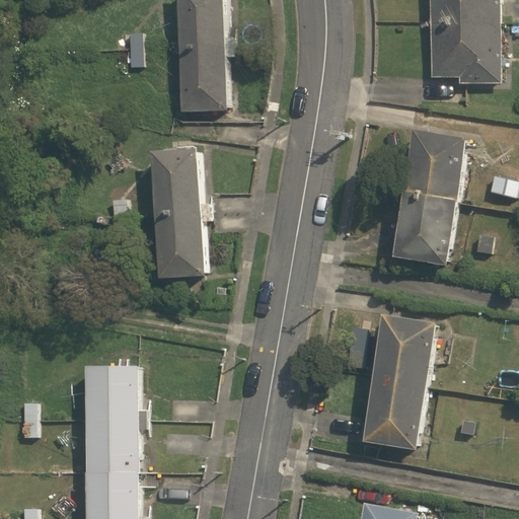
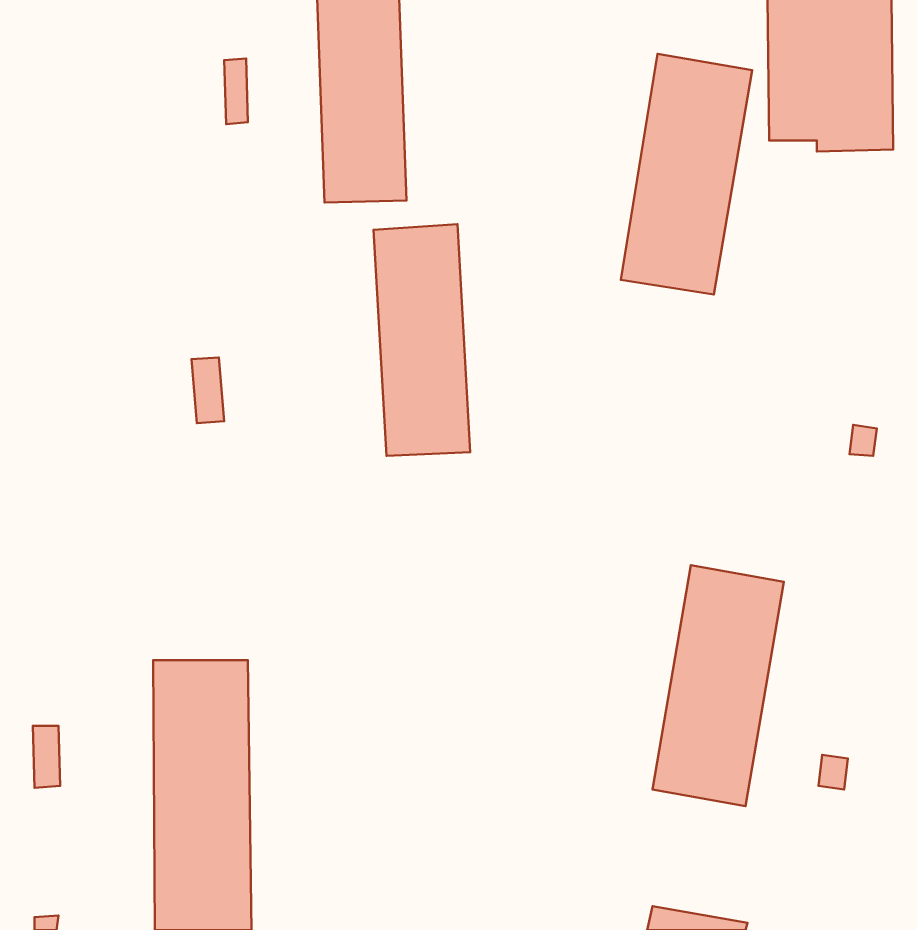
building: [393,132,466,266] -> [621,54,752,295]
building: [151,149,205,278] -> [374,224,470,456]

